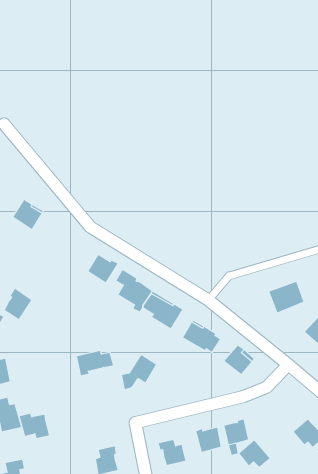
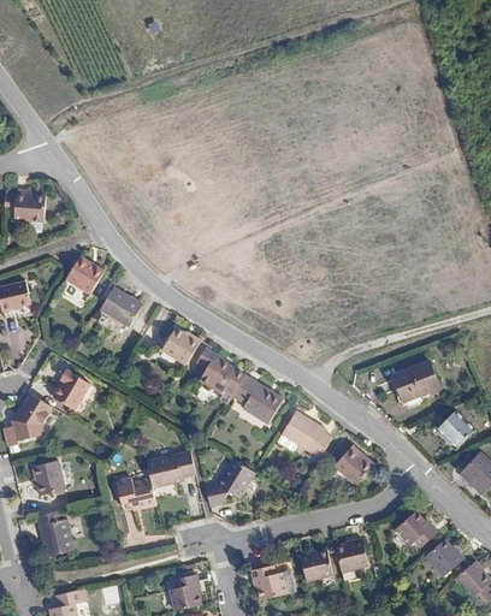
building: none -> [100,286,140,326]
building: [19,413,50,438] -> [116,475,155,508]
building: [239,439,270,467] -> [394,510,434,546]

